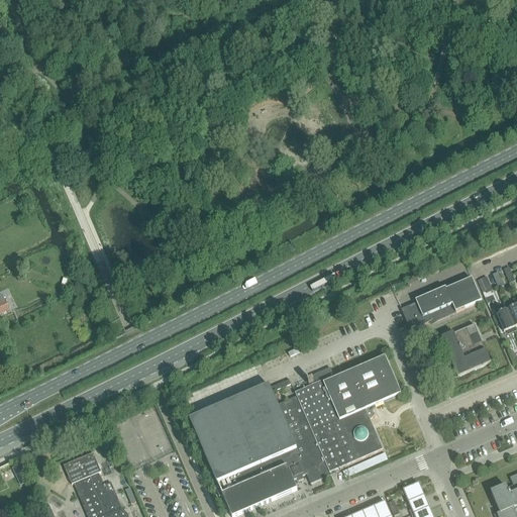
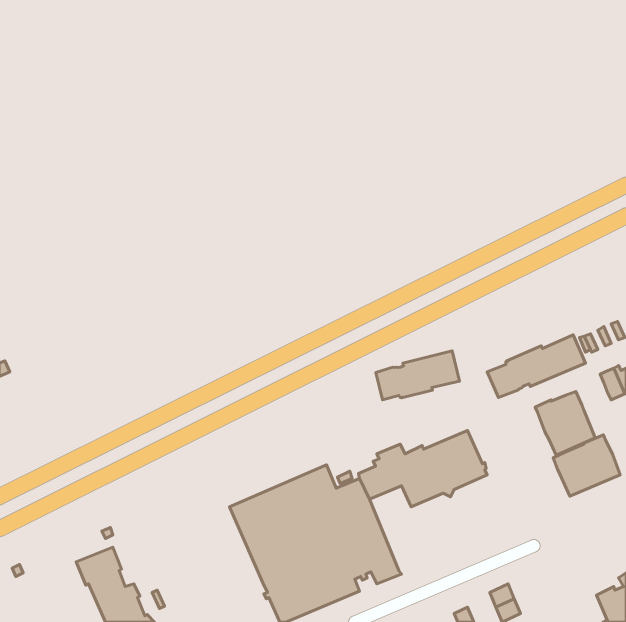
building: none -> [376,351,459,400]
building: none -> [553,435,620,496]
building: [304,400,382,470] -> none

